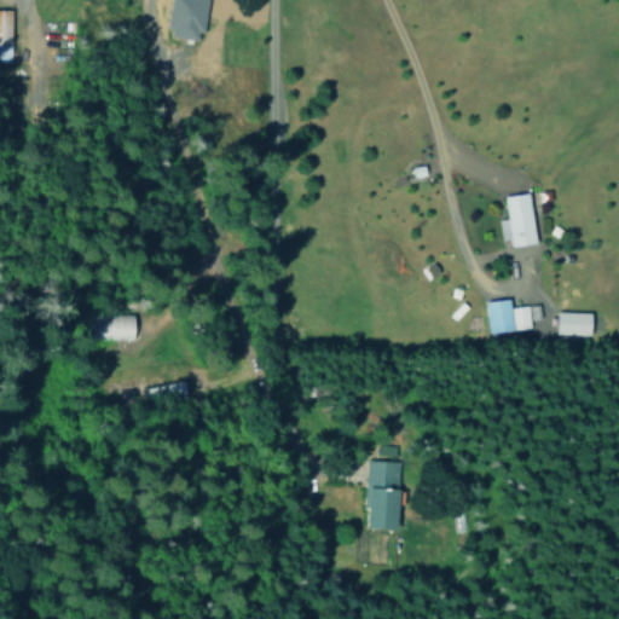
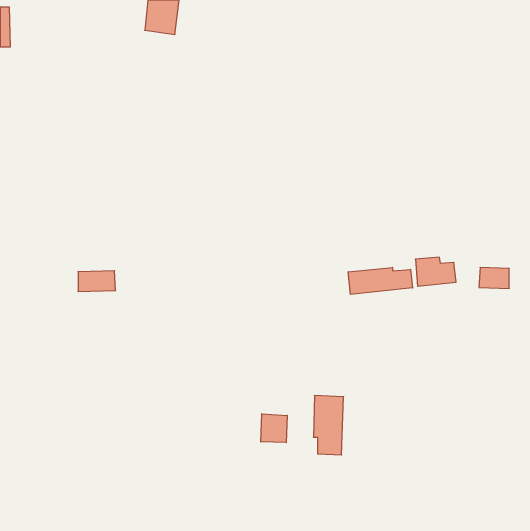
building: [502,193,538,245] -> none
building: none -> [348,267,413,294]
building: none -> [261,414,287,443]

